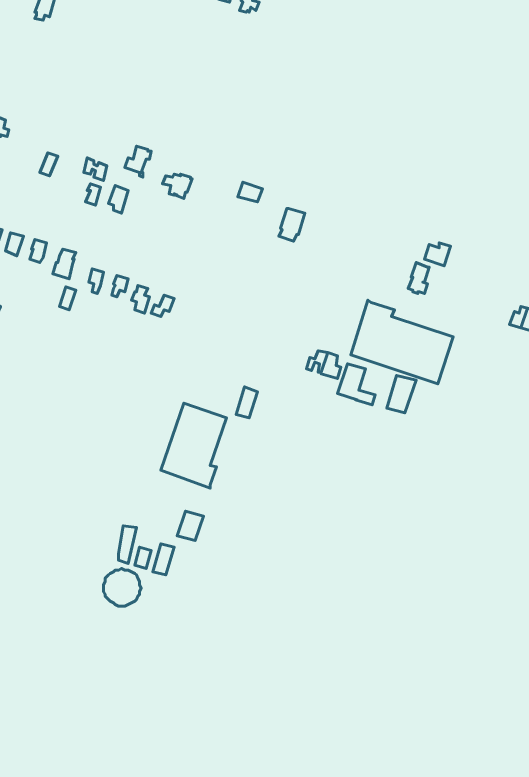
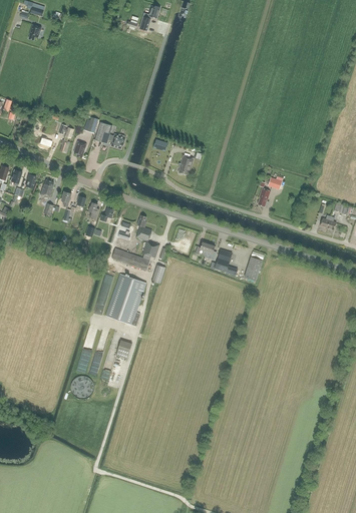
building: [351,300,453,384] -> none
building: none -> [111,214,158,270]

